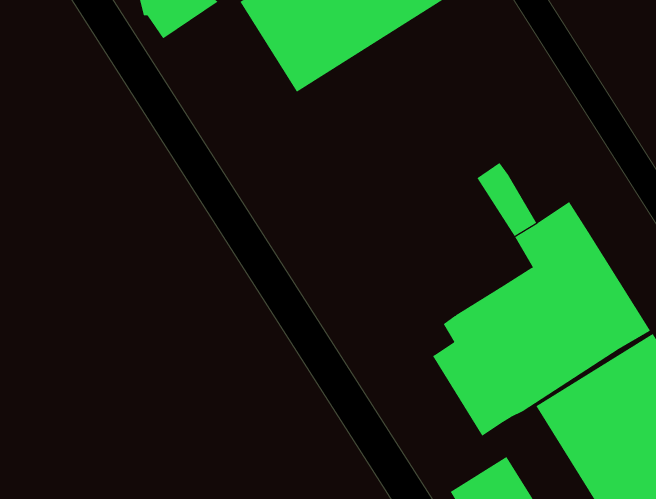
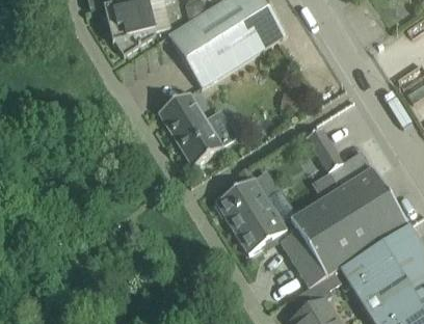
building: none -> [159,91,223,164]
building: none -> [215,165,287,252]

